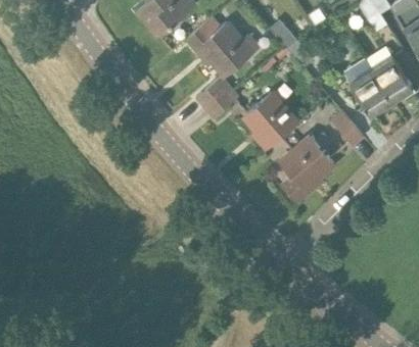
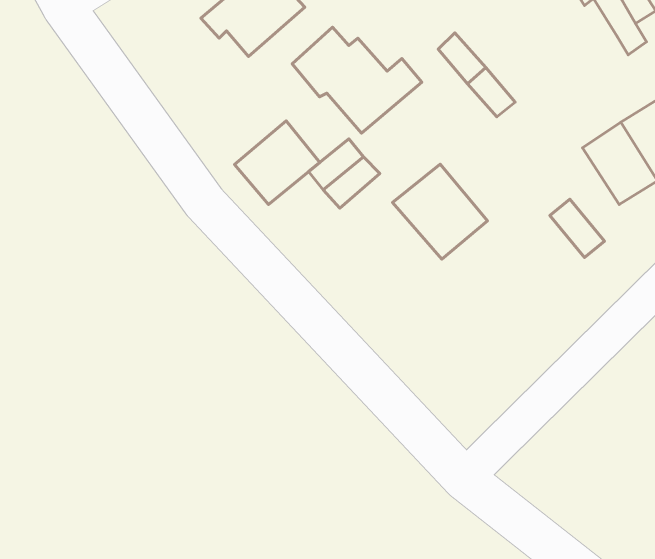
building: none -> [234,121,320,204]
building: [281,136,334,201] -> none

